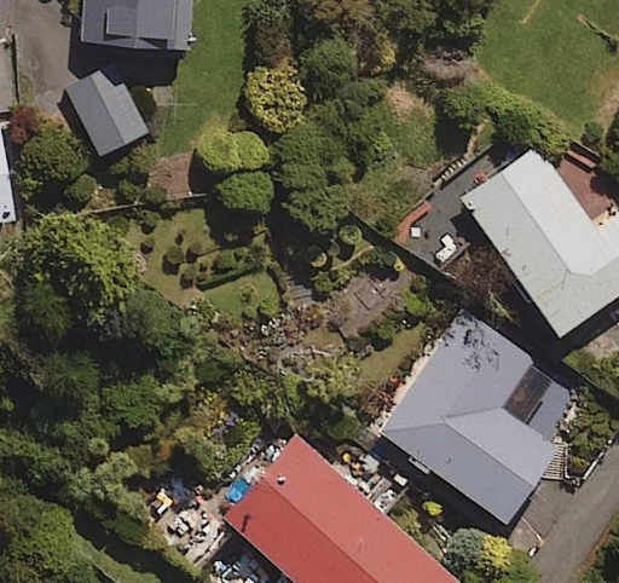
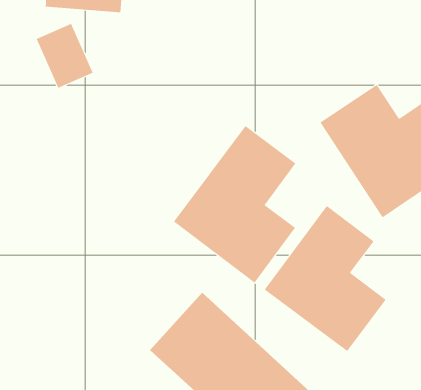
building: none -> [173,125,296,283]

